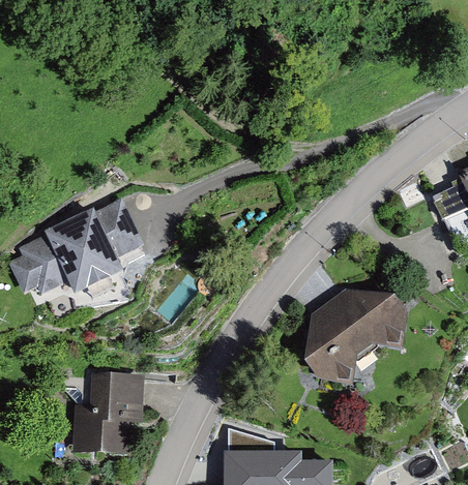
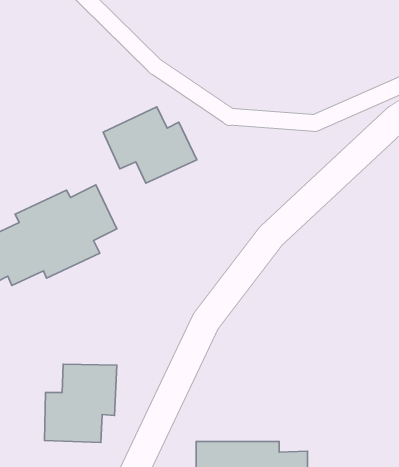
building: none -> [103,107,197,183]
building: [309,283,414,385] -> none

